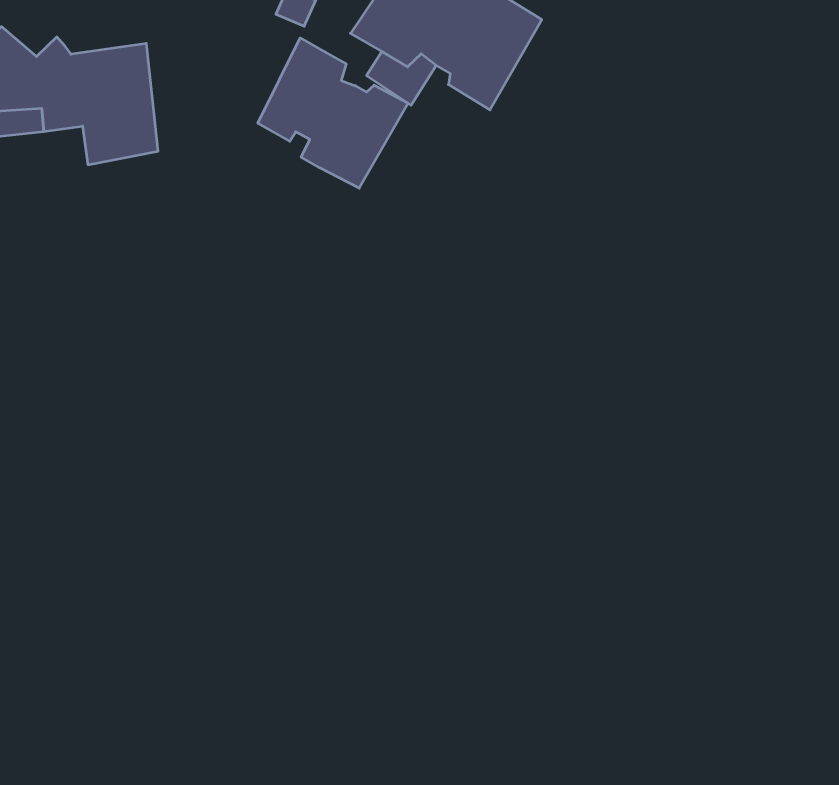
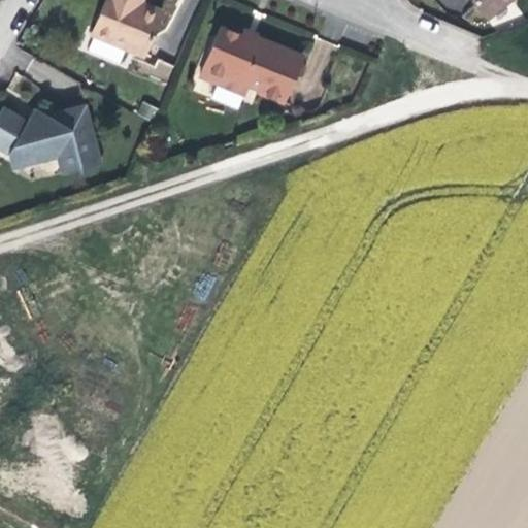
building: [258,38,408,188] -> none

